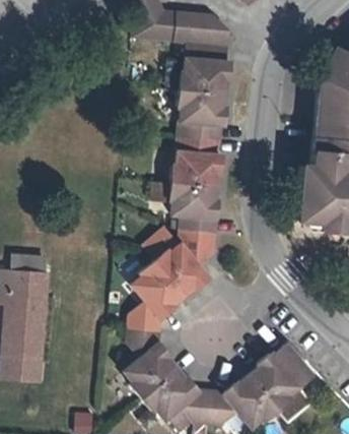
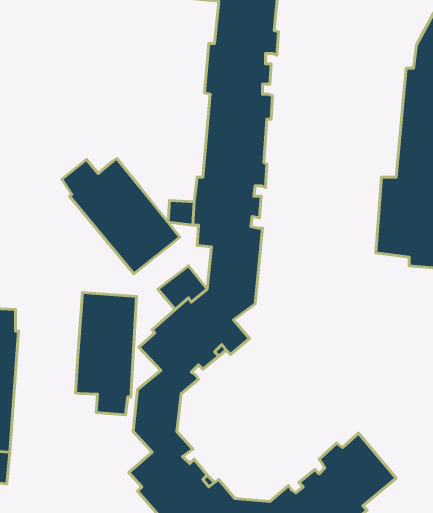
building: none -> [62,158,180,274]
building: none -> [76,292,136,415]

